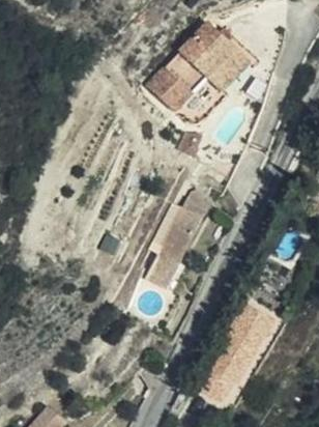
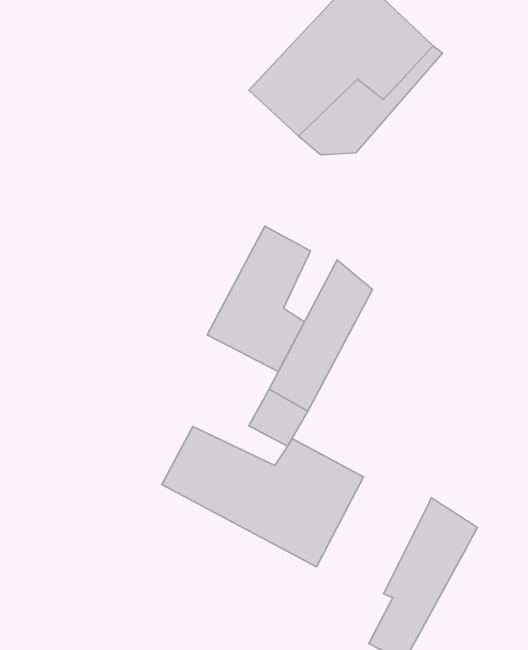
building: none -> [207,226,311,371]
building: none -> [162,427,363,567]

